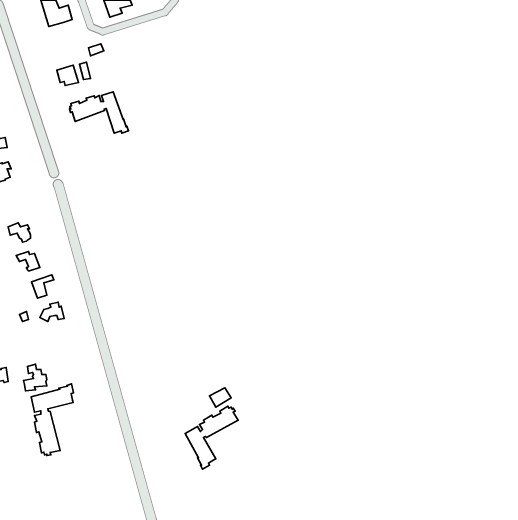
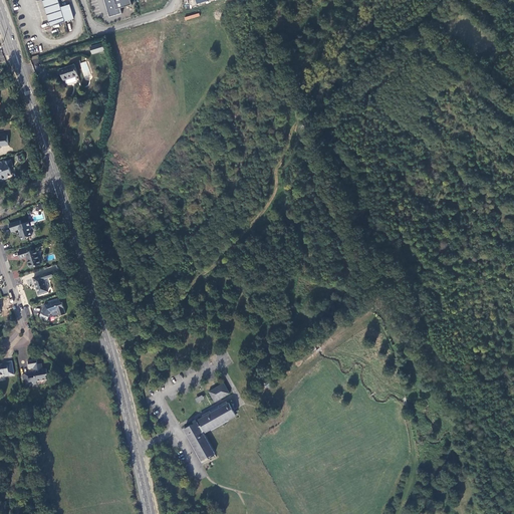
building: [69,92,129,133] -> none
building: [31,384,73,456] -> none

